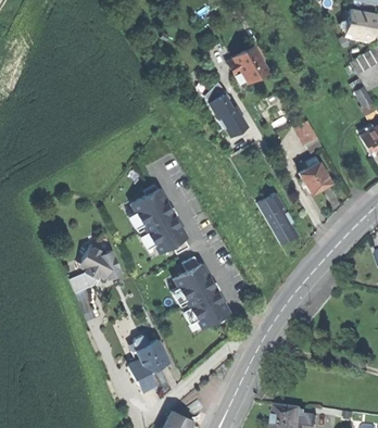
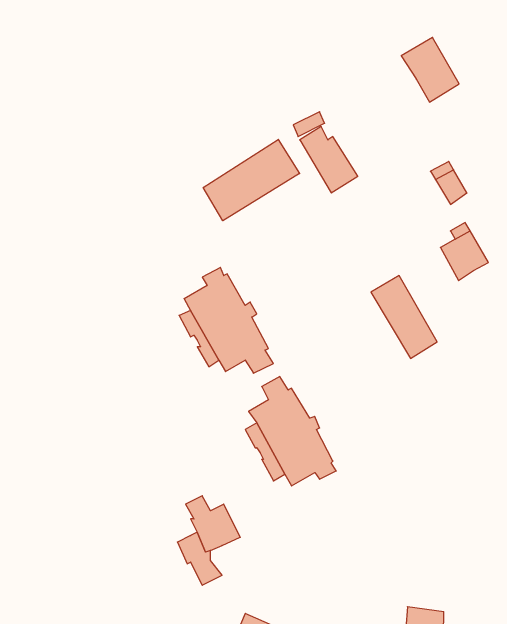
building: [228,38,266,80] -> [401,37,459,102]
building: none -> [203,139,300,221]
building: [66,243,118,291] -> none

